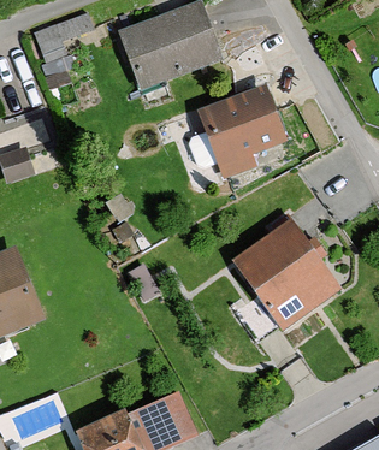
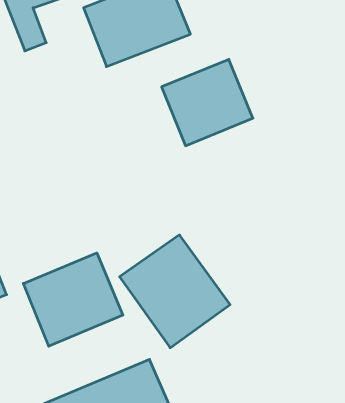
building: [226,220,337,333] -> [120,235,230,348]
building: none -> [23,253,123,346]

